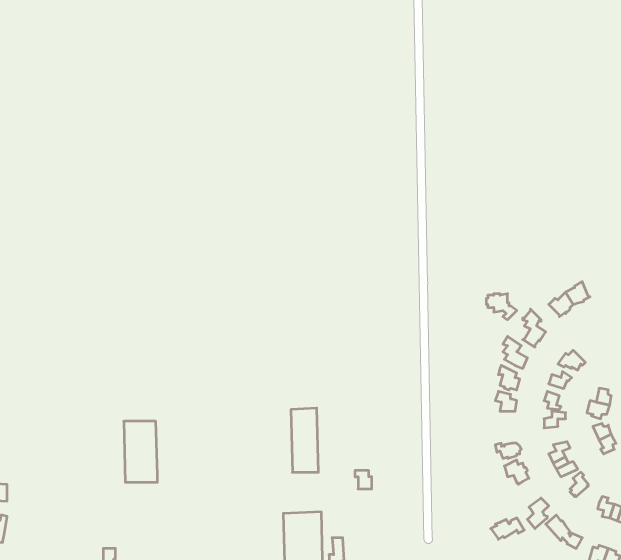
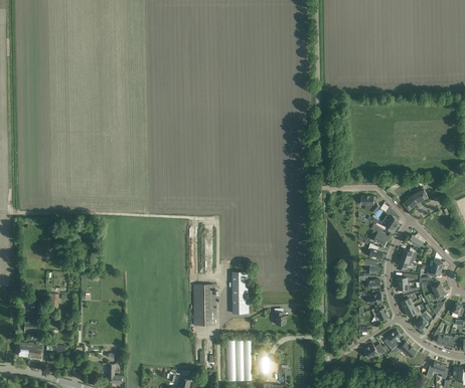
building: [124,421,157,482] -> [193,285,215,326]

